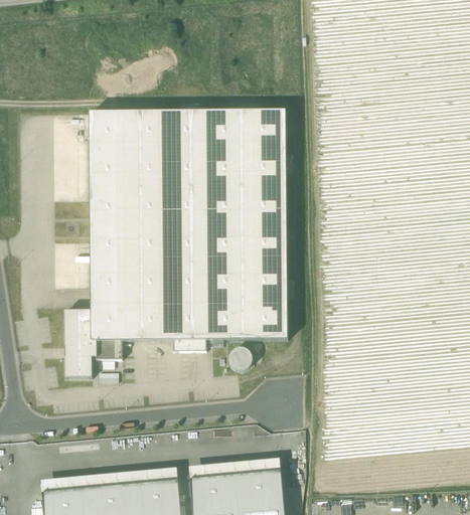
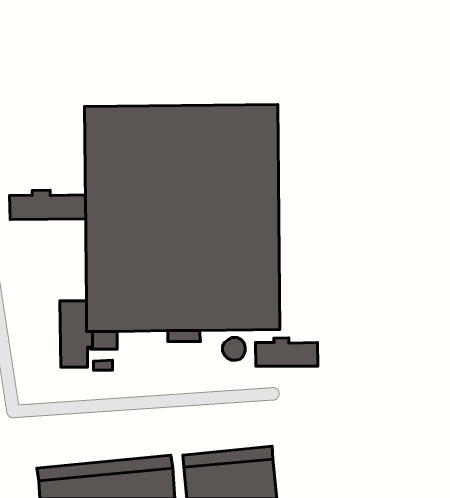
building: none -> [10,190,86,220]
building: none -> [256,338,318,366]

